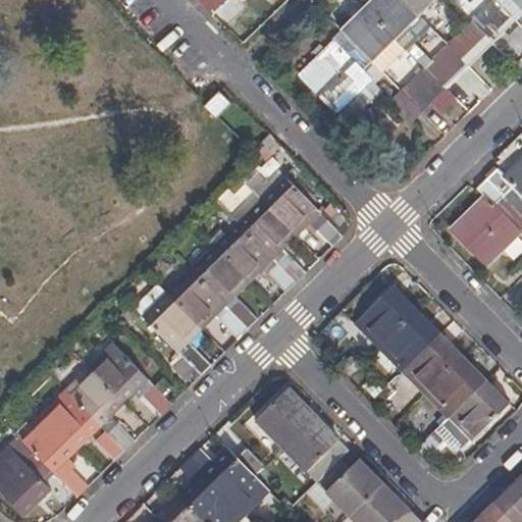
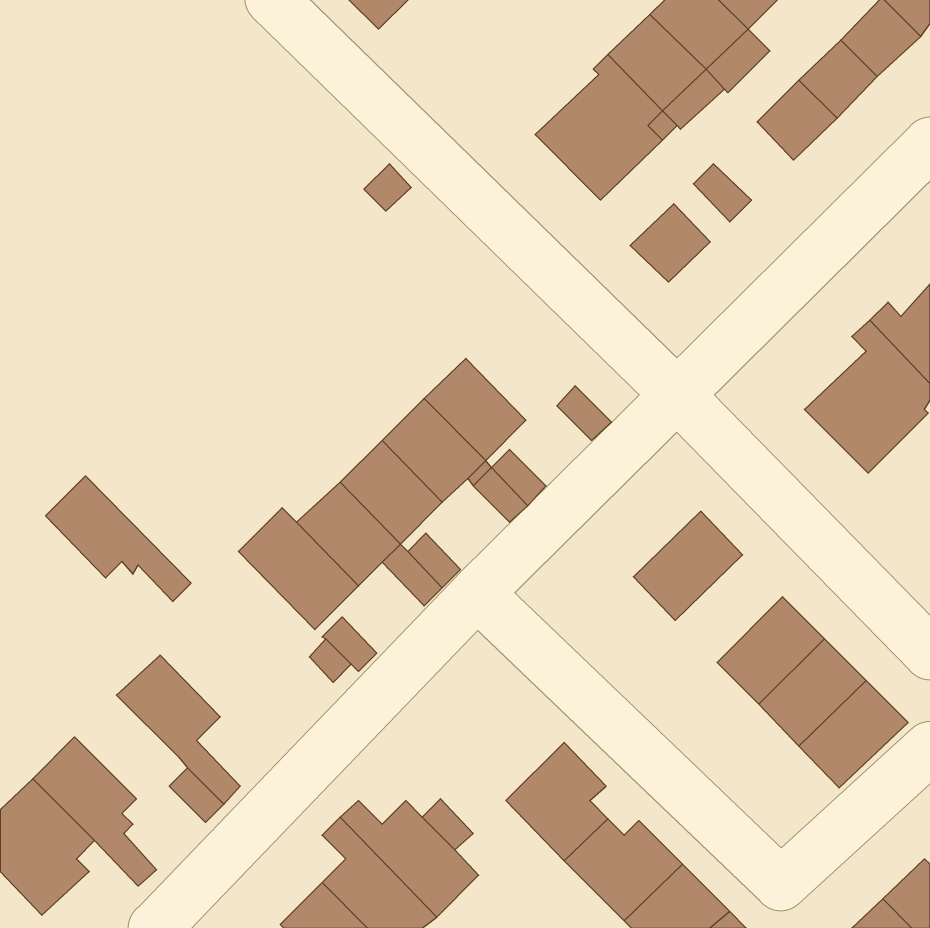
building: [400,68,445,112] -> [630,204,710,282]
building: [261,177,319,236] -> none
building: [378,311,438,371] -> none
building: [90,345,171,415] -> [46,476,191,602]
building: [256,388,316,449] -> none
building: [42,389,100,448] -> none

